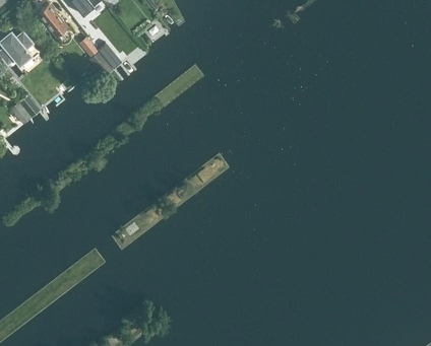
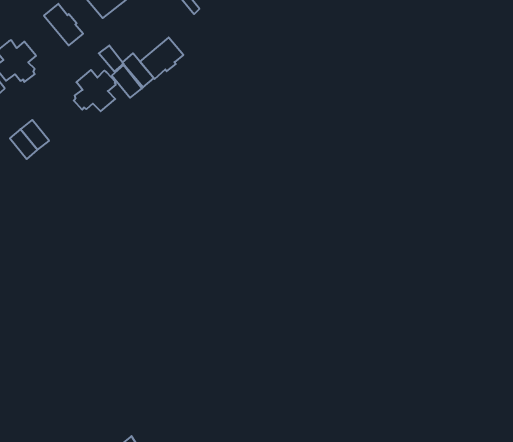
building: none -> [140,37,183,79]
building: none -> [74,70,116,111]

